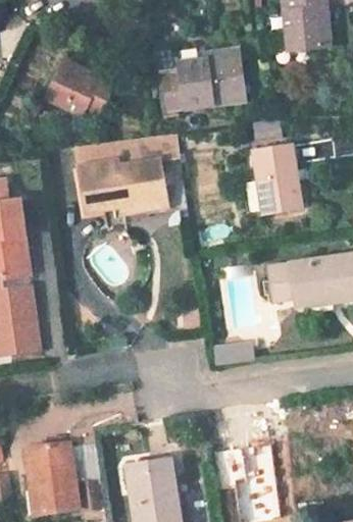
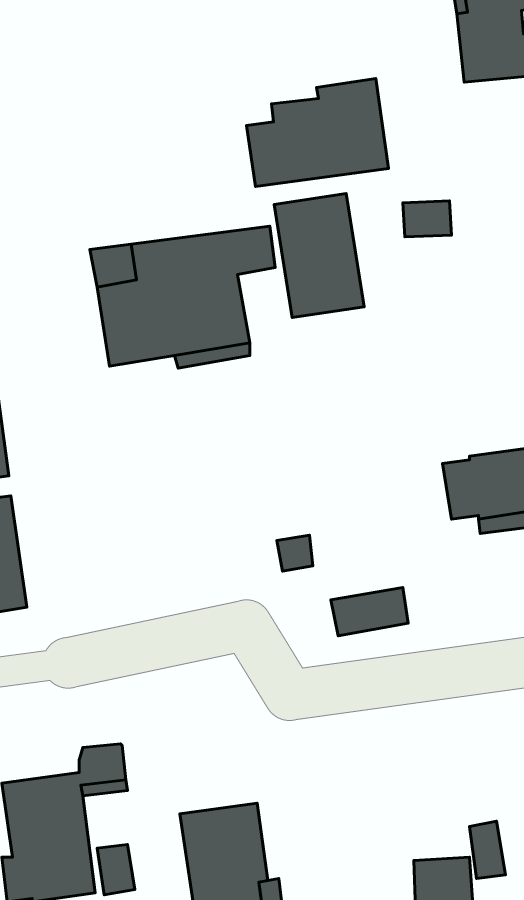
building: [46,61,113,117] -> none
building: [251,146,302,216] -> [274,194,364,318]

